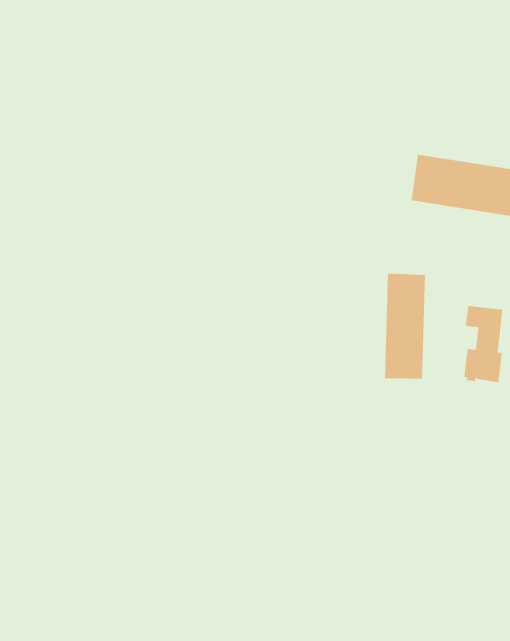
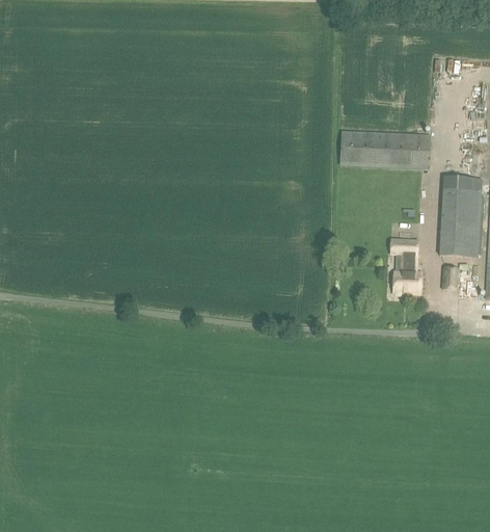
building: [384,273,425,379] -> none

